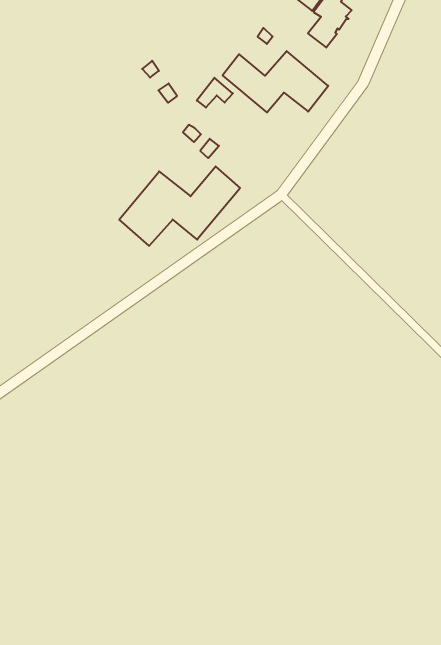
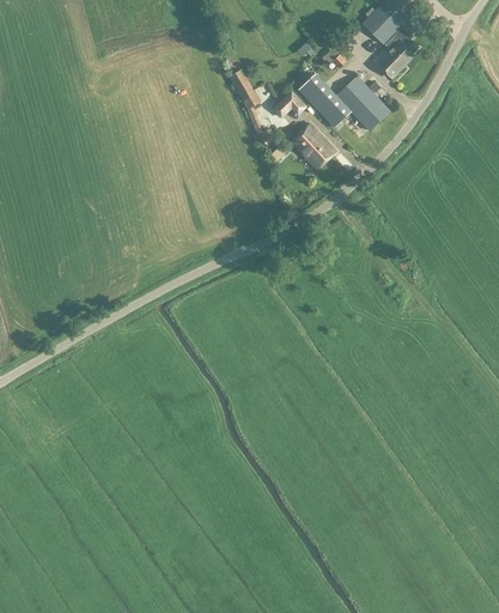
building: none -> [290,123,335,169]
building: [119,166,240,246] -> none

